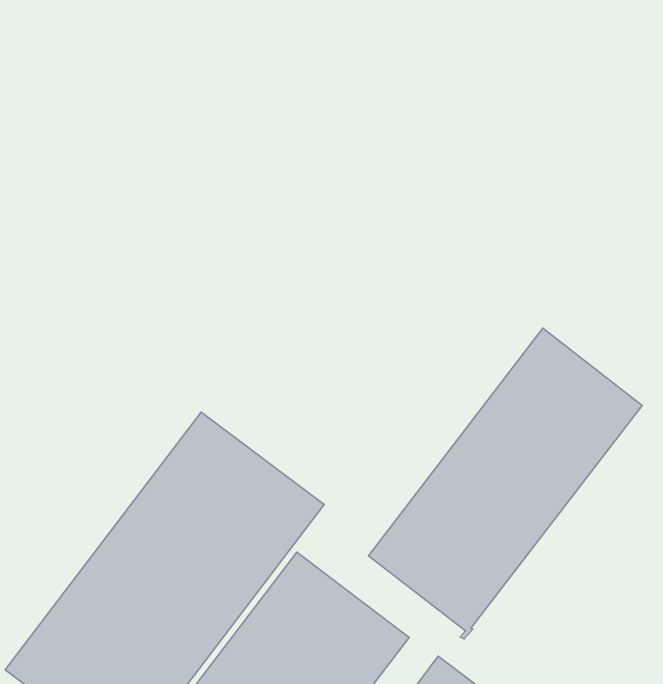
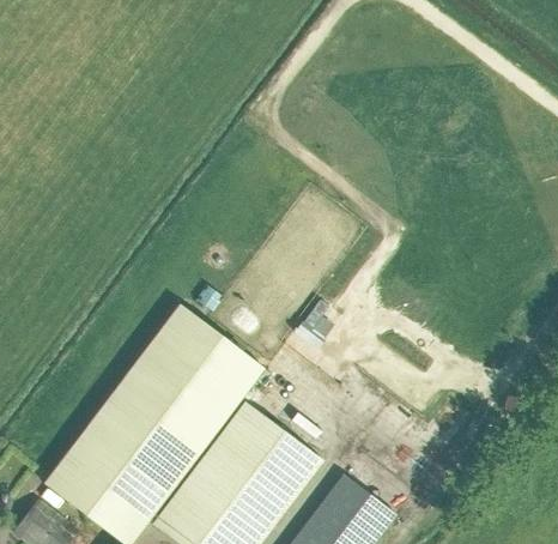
building: [368,328,642,639] -> none

